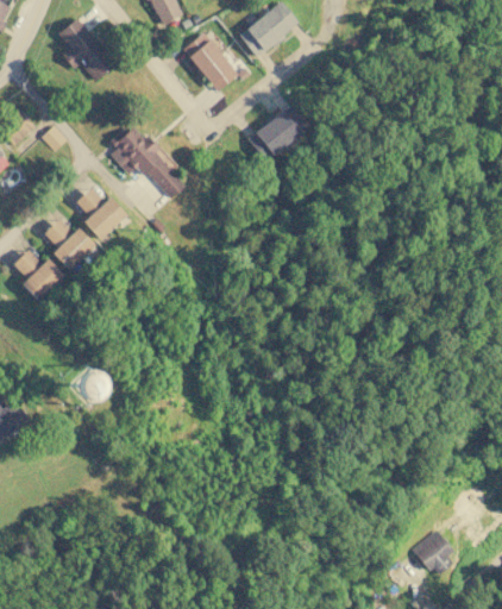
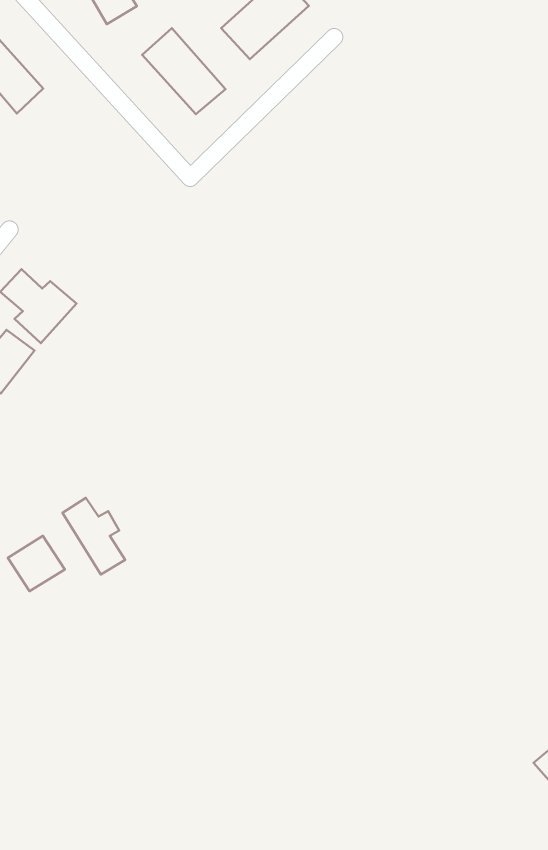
building: [247,105,307,161] -> none
building: [111,123,186,199] -> none
building: none -> [62,498,125,574]

